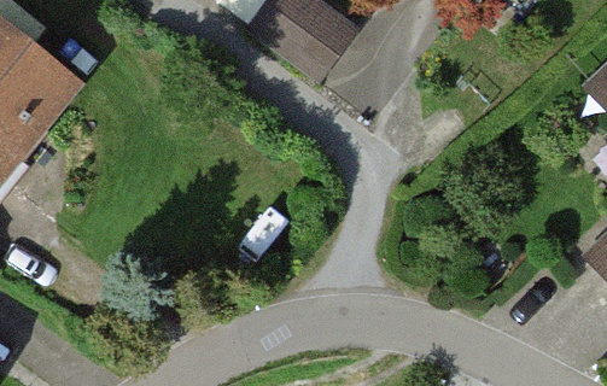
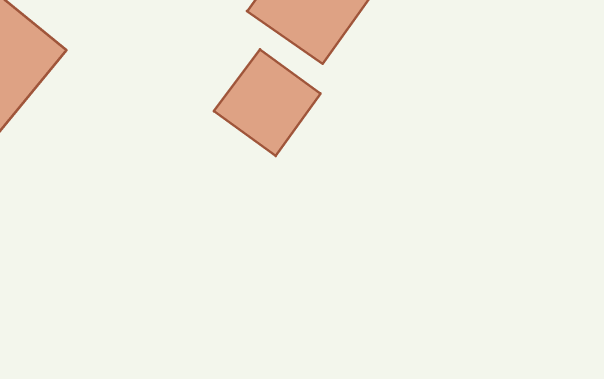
building: none -> [214,49,320,156]

